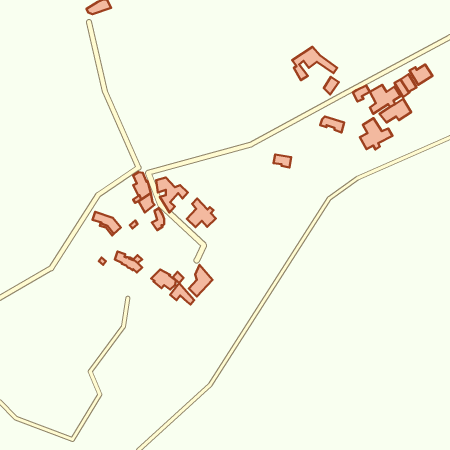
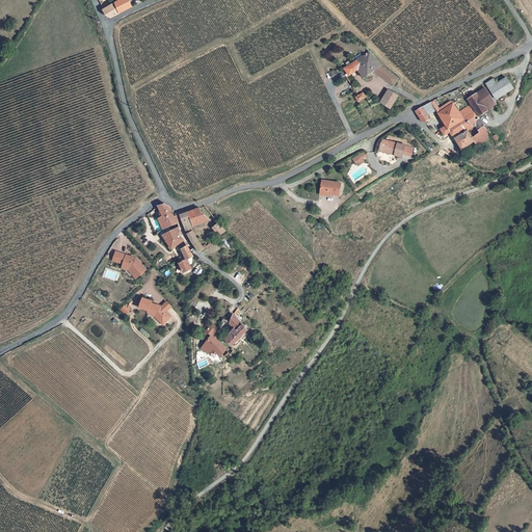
building: [360,118,393,149] -> none
building: [187,198,216,227] -> none
building: [151,270,176,290] -> none

